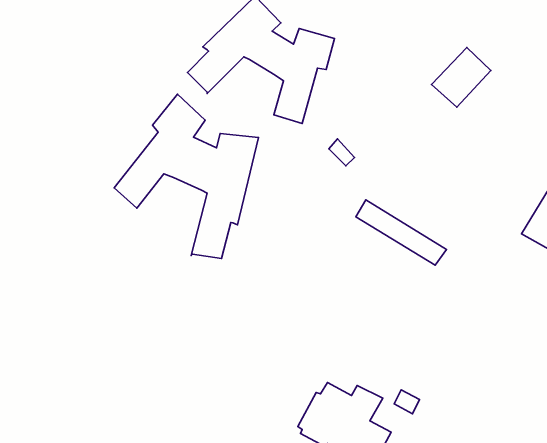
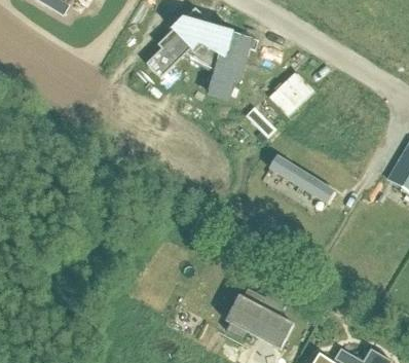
building: [431,48,491,107] -> [268,75,311,118]
building: [114,94,259,258] -> none

